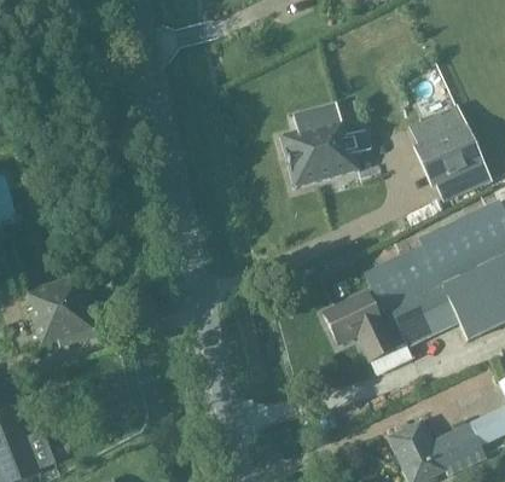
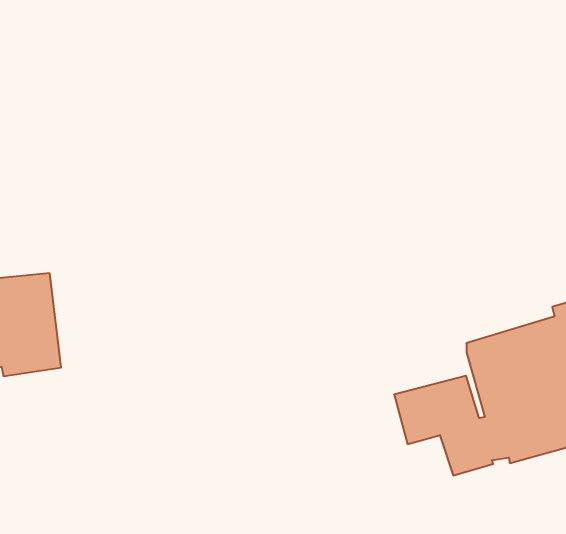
building: [274,97,376,194] -> none

